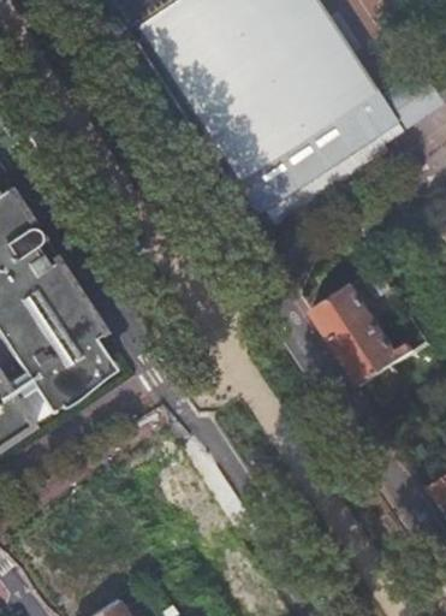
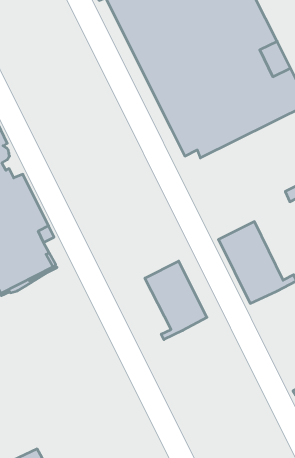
building: none -> [145,261,207,340]

